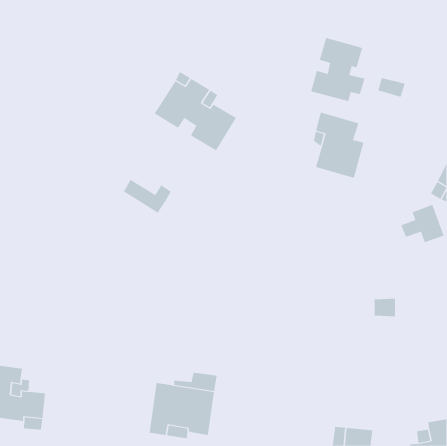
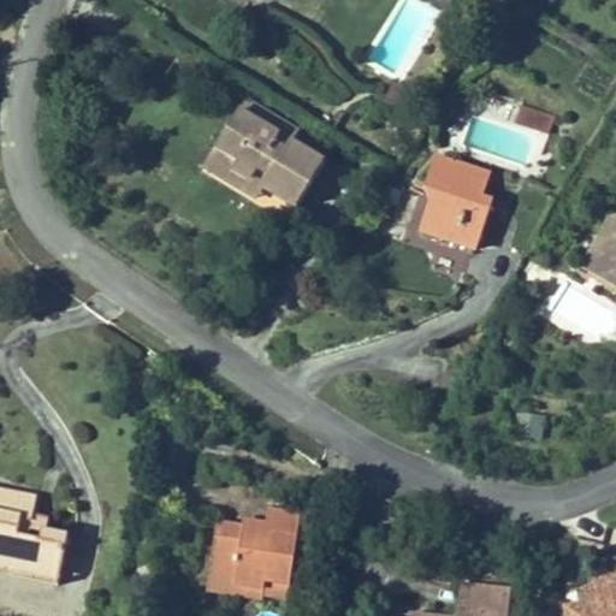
building: [311,37,365,102] -> none
building: [123,179,172,214] -> [201,155,267,202]

